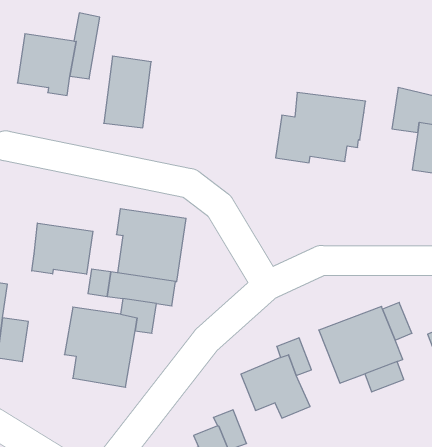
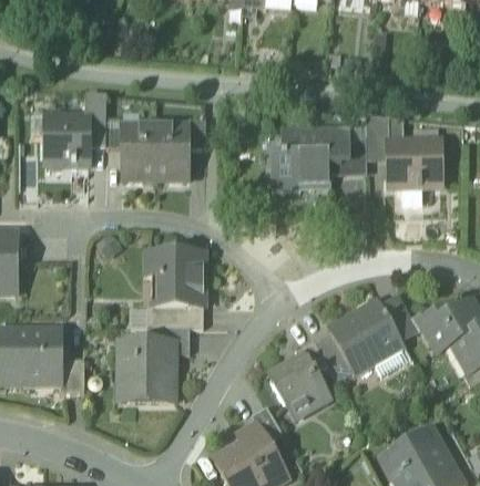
building: none -> [154,122,188,178]
building: none -> [338,137,366,168]
building: [32,223,93,274] -> none
building: none -> [313,327,353,378]

